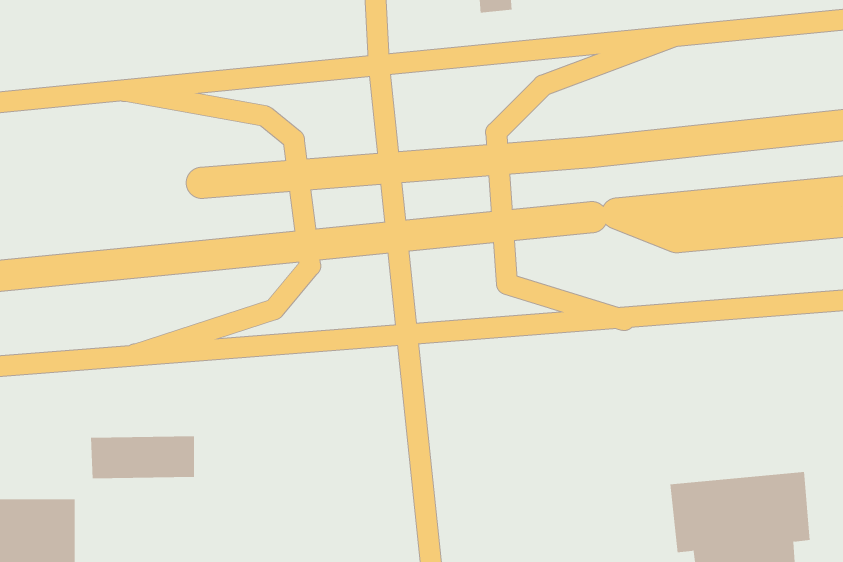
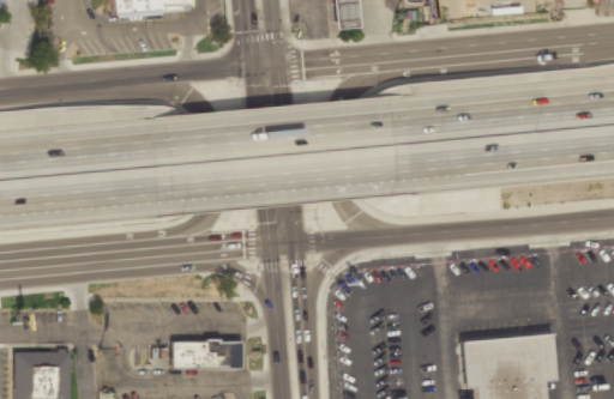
building: [90,436,195,479] -> [171,340,241,369]

